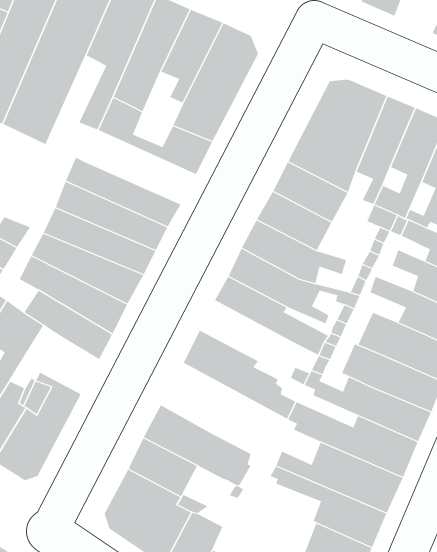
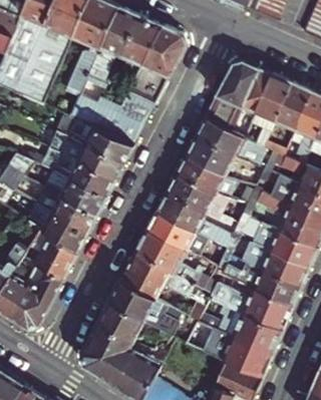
building: none -> [67,96,142,146]
building: none -> [144,211,209,259]
building: none -> [36,234,77,274]
building: none -> [118,253,210,322]

